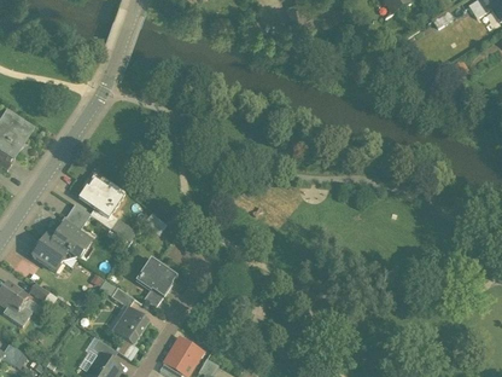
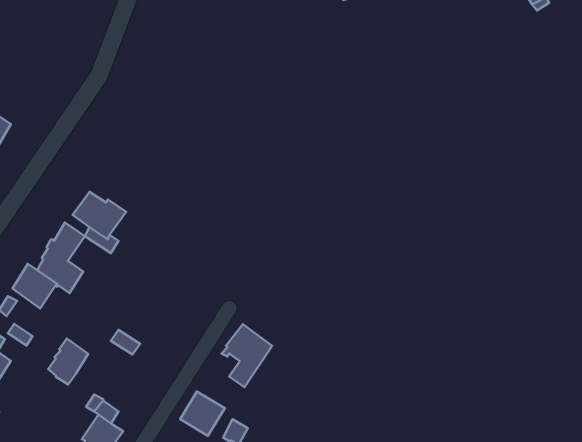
building: [136,257,176,307] -> [221,324,272,387]
building: [116,308,147,344] -> [48,339,88,385]

